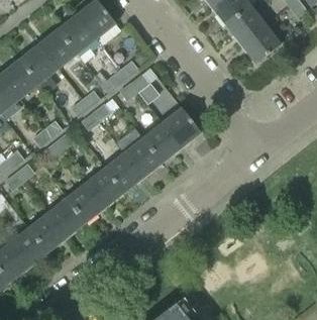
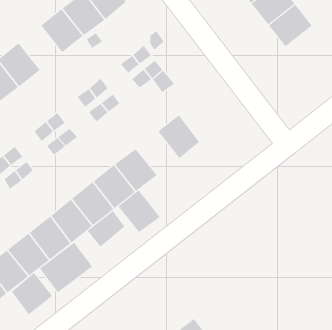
building: [19,44,58,84] -> none
building: [162,108,200,147] -> none
building: [123,138,162,177] -> [117,189,161,233]
building: none -> [87,210,125,248]
building: none -> [39,242,93,293]
building: none -> [11,272,53,315]

